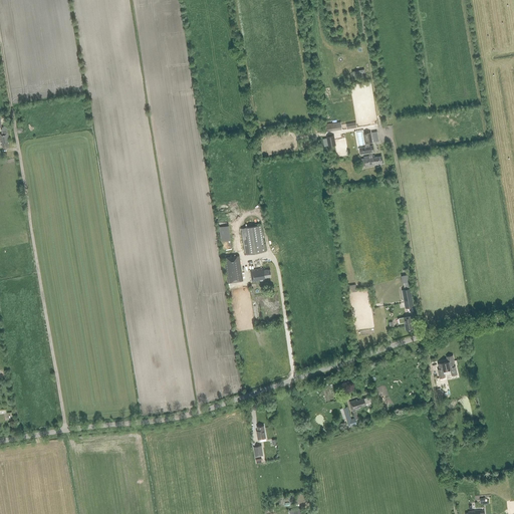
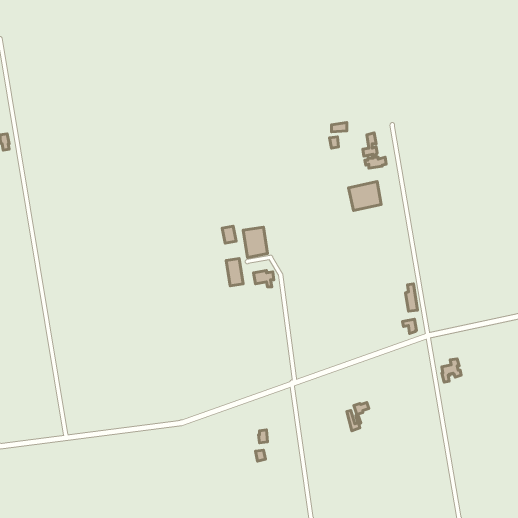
building: none -> [348,181,381,211]

